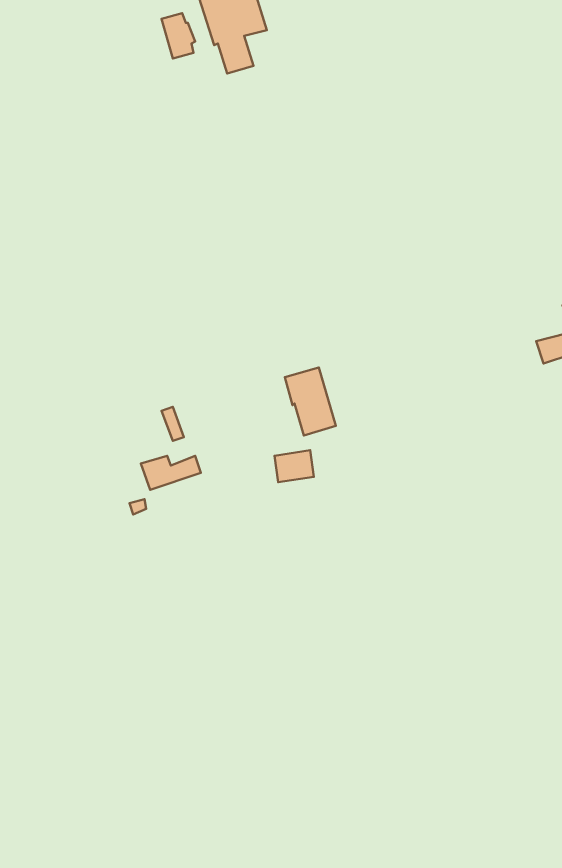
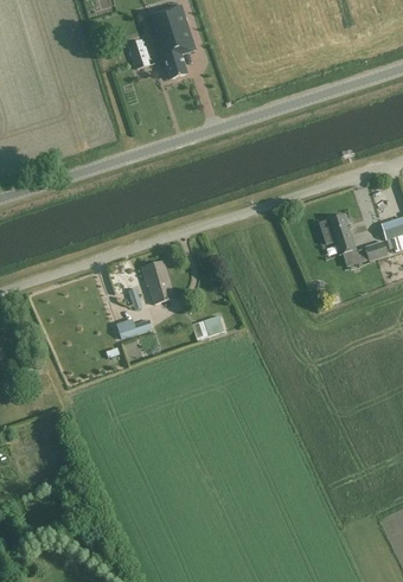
building: none -> [326,213,356,254]
building: [285,368,336,435] -> [141,261,173,303]

